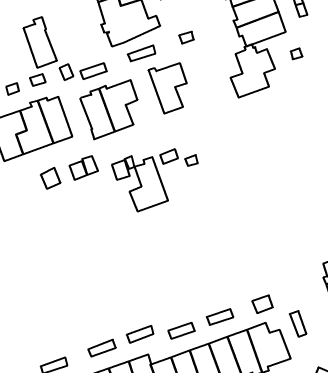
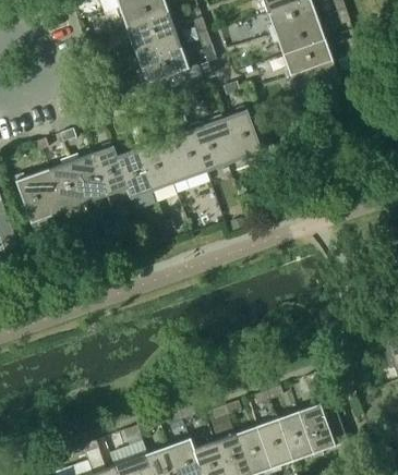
building: [23,17,57,68] -> [91,141,128,196]
building: [231,44,275,98] -> [219,105,268,163]
building: [130,157,168,211] -> [165,123,207,183]

